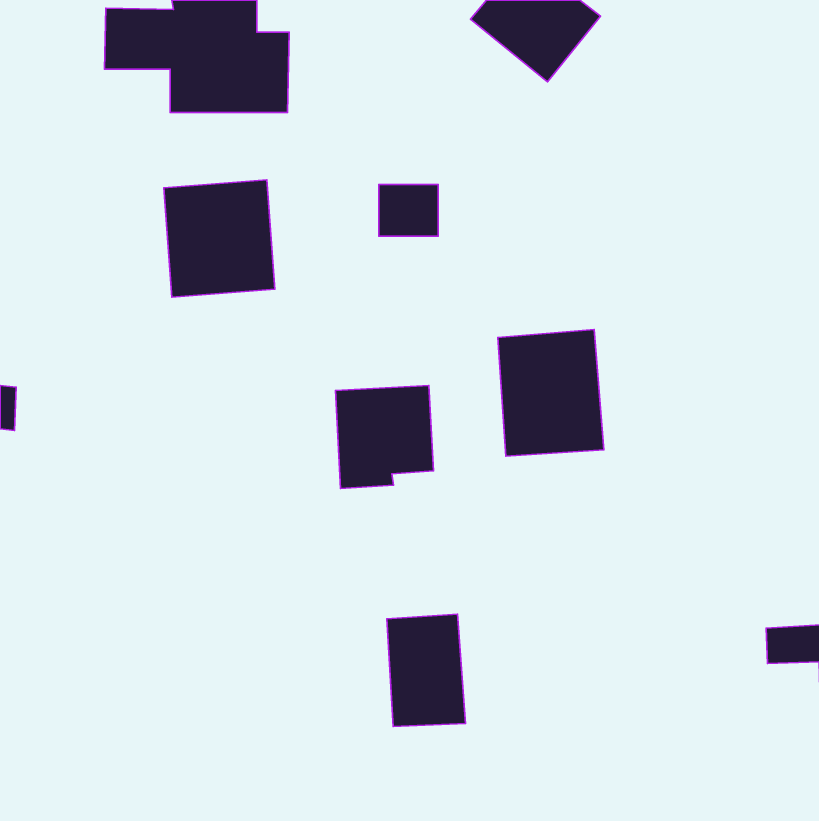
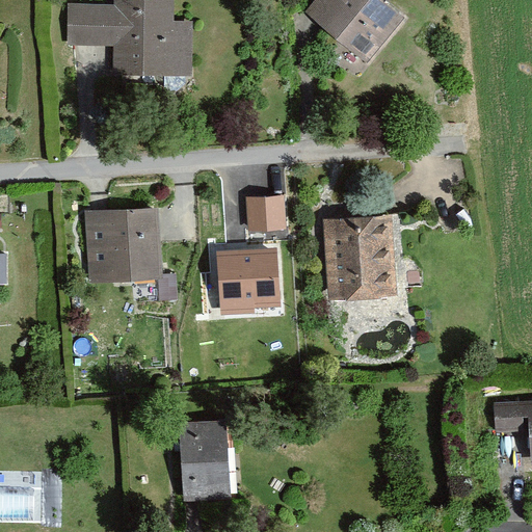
building: [164,180,275,297] -> [85,207,157,283]
building: [379,185,438,236] -> [250,191,289,224]
building: [387,614,465,727] -> [180,423,231,496]

